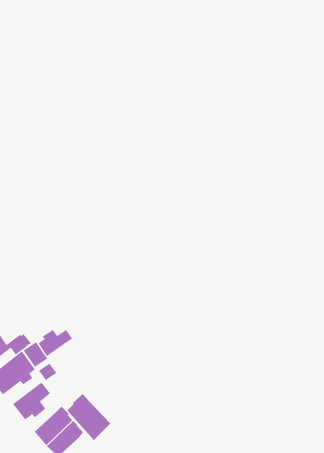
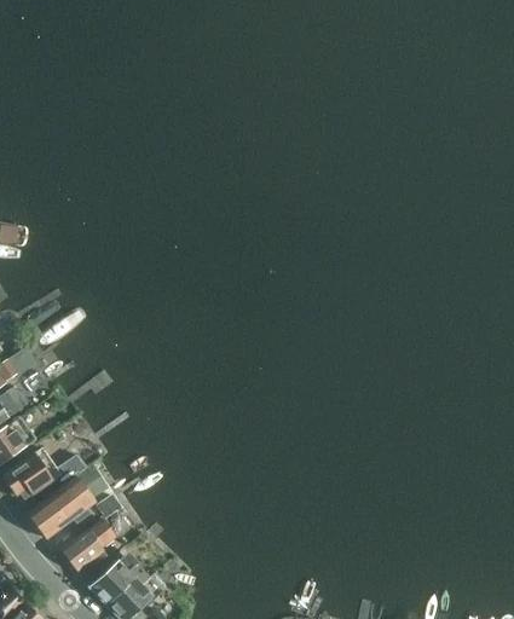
building: [38,329,73,357] -> none
building: [67,393,111,441] -> none

